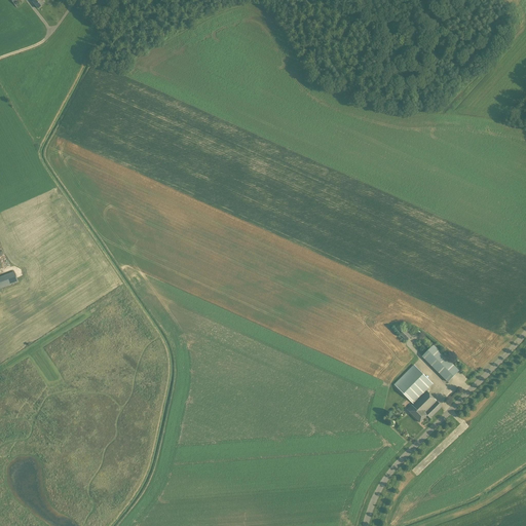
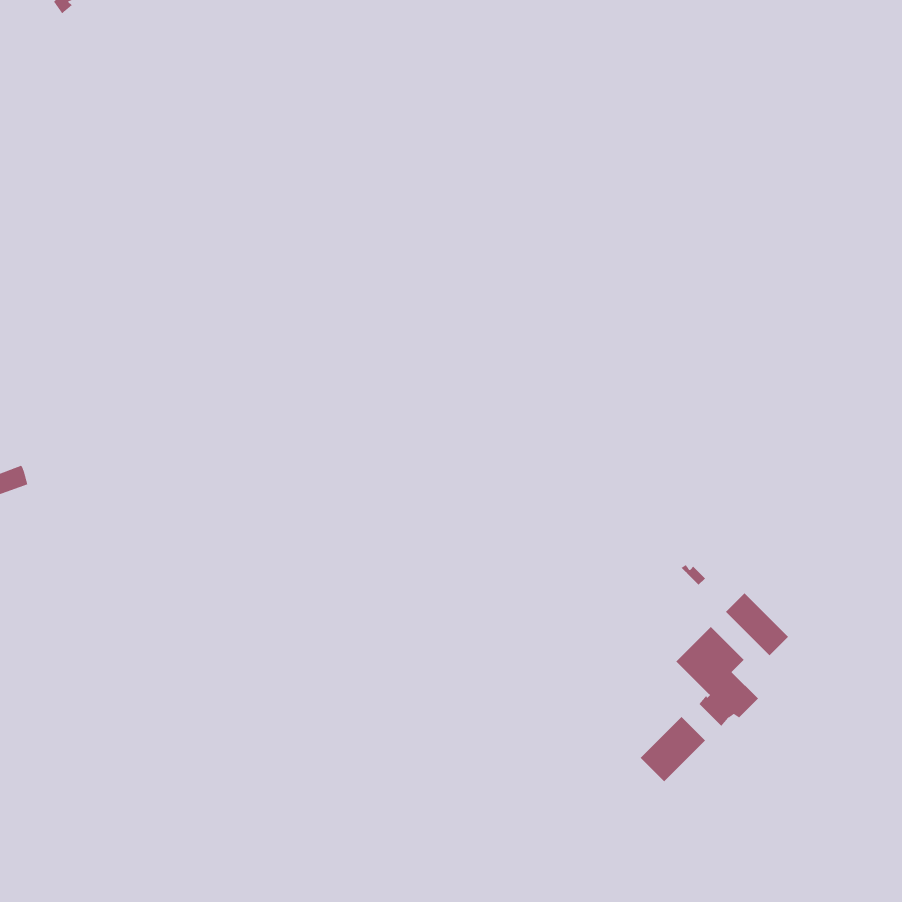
building: none -> [640,716,706,782]

